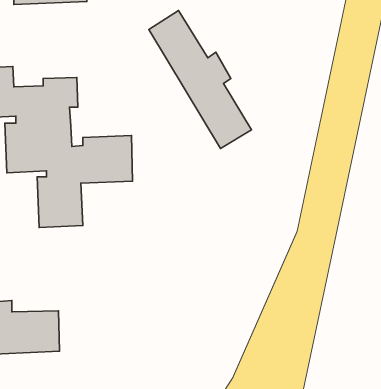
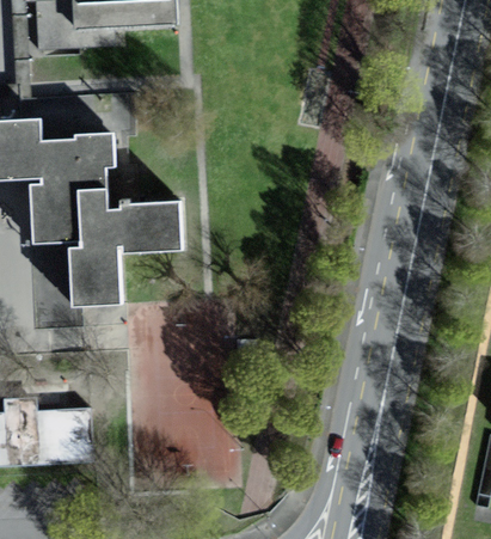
building: [149,11,251,148] -> none

